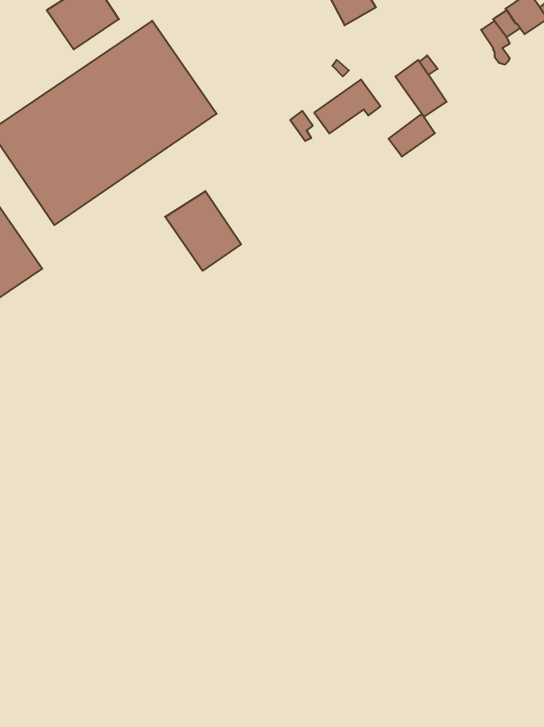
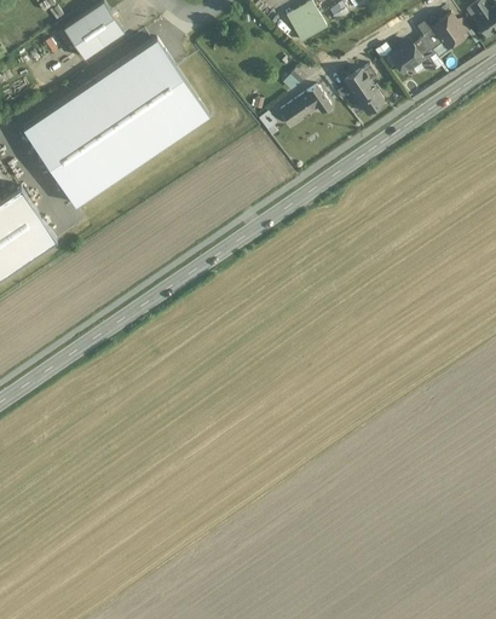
building: none -> [391,42,423,74]
building: [389,114,435,157] -> none
building: [165,191,241,271] -> none

